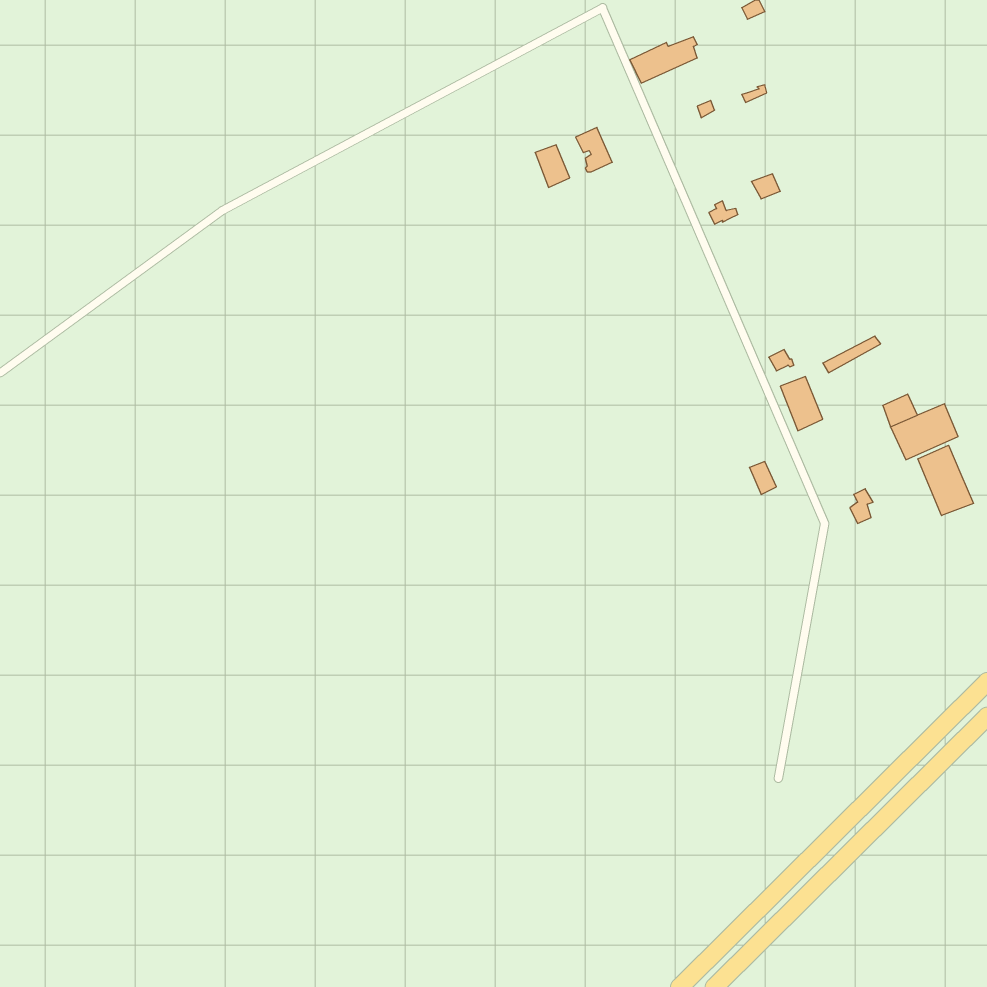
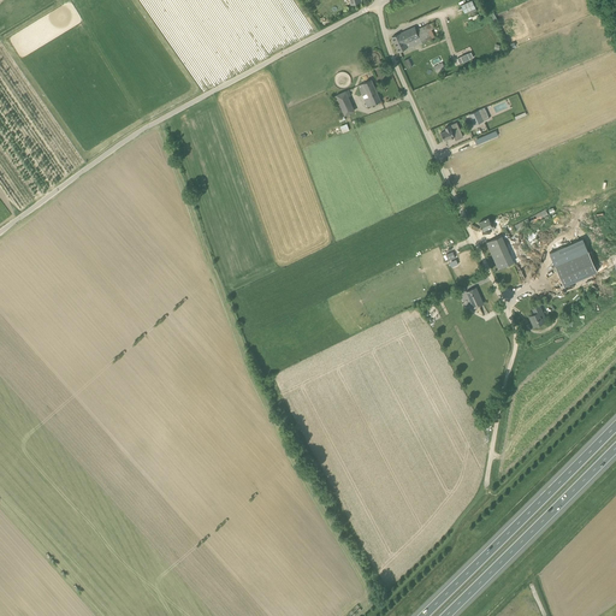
building: [918,445,973,516] -> none

